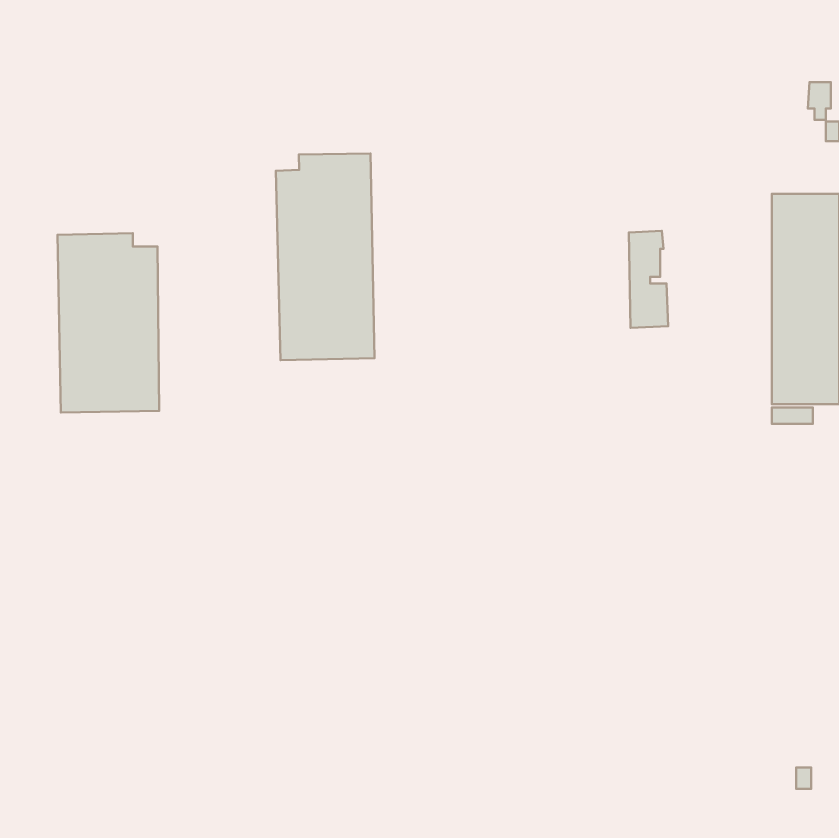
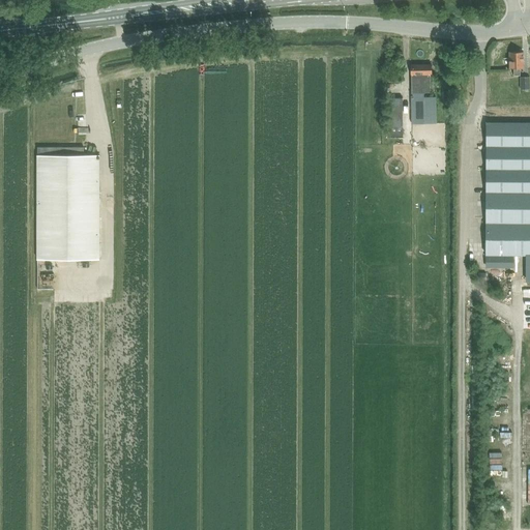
building: [276,154,374,360] -> none
building: [629,231,668,328] -> [412,65,437,126]

